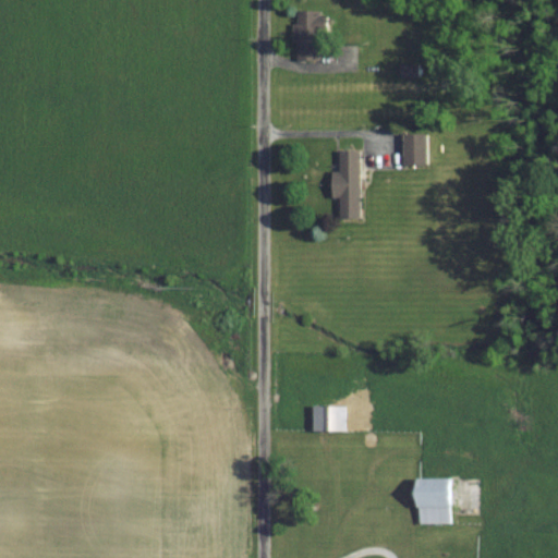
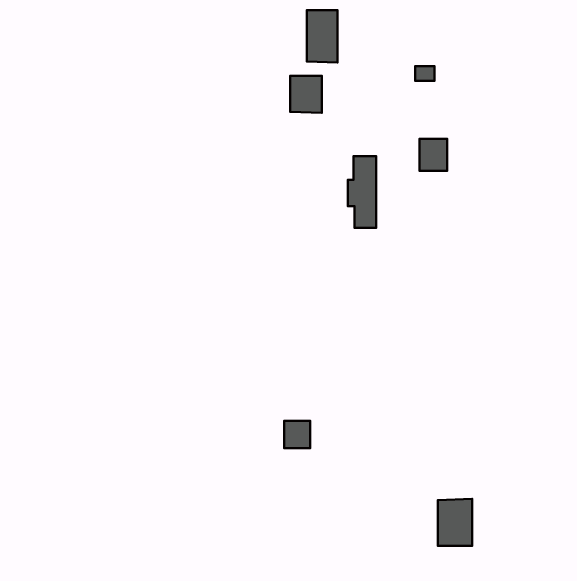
building: none -> [290,76,322,113]
building: [307,407,332,433] -> [284,421,310,448]

